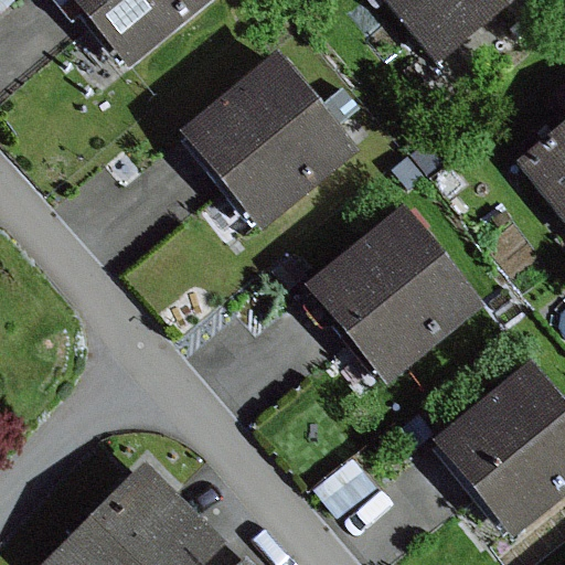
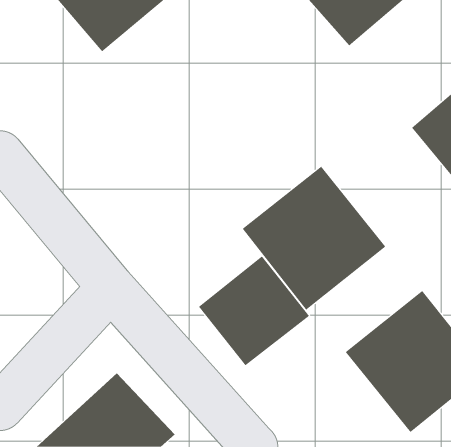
building: [183,52,361,230] -> none
building: none -> [198,255,310,366]

